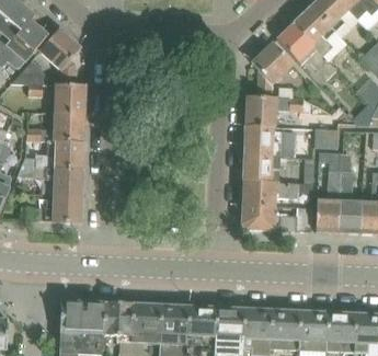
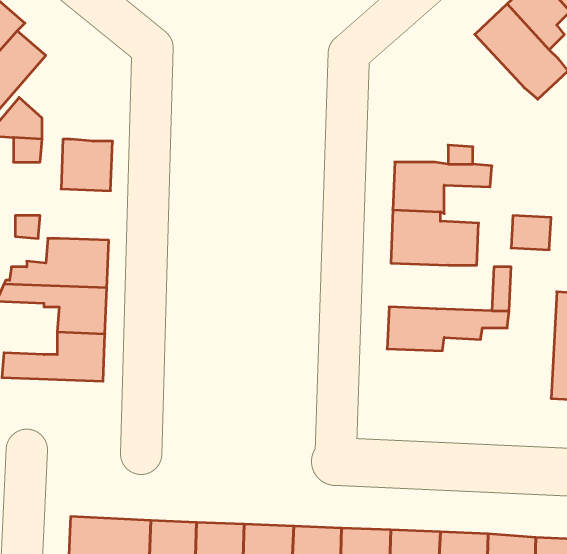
building: [277,22,337,78] -> none
building: [39,27,81,83] -> none
building: [252,42,293,95] -> none
building: [55,111,84,140] -> none
building: [316,149,341,231] -> none
building: [244,153,278,180] -> none
building: [242,203,297,230] -> none

